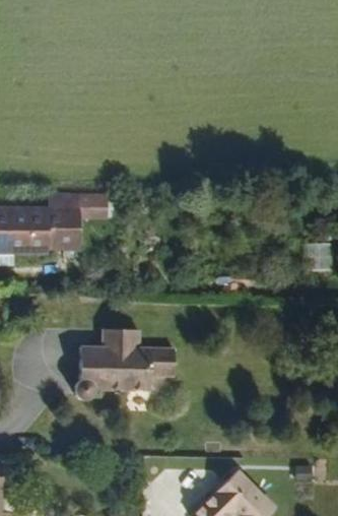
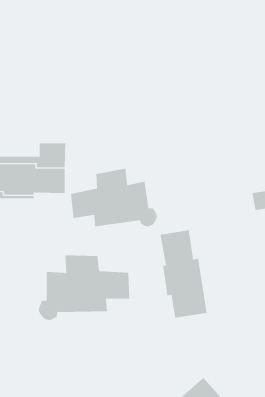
building: none -> [70,168,157,227]
building: none -> [160,229,207,319]

